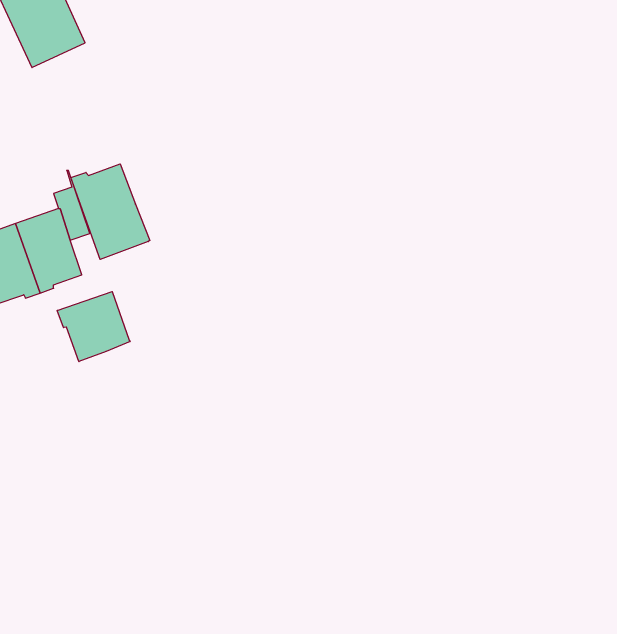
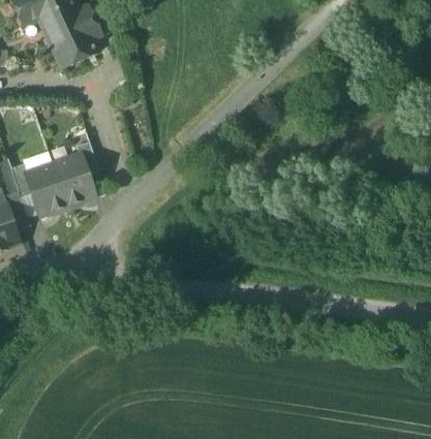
building: [71,164,150,259] -> none
building: [57,292,130,362] -> none

